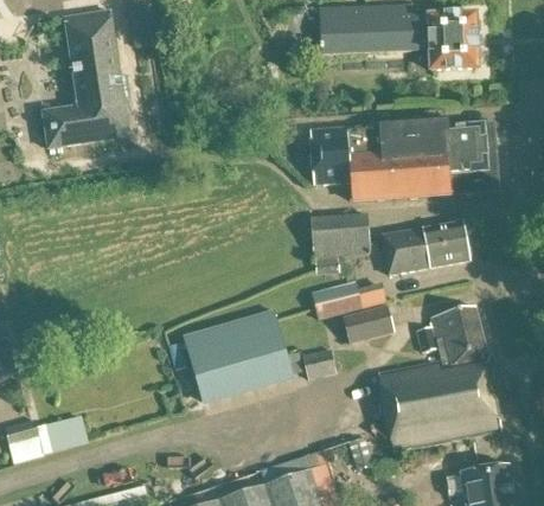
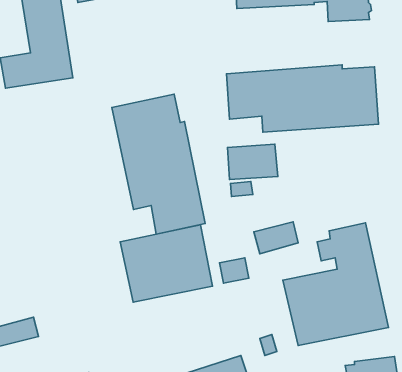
building: none -> [112,94,205,234]
building: [382,220,469,274] -> none
building: [312,283,360,321] -> none

